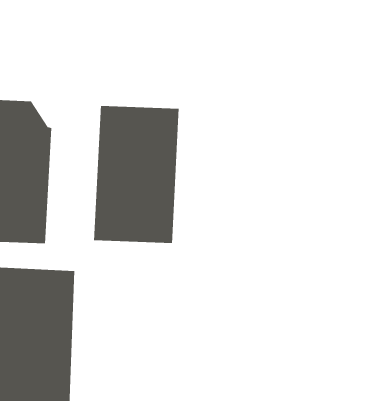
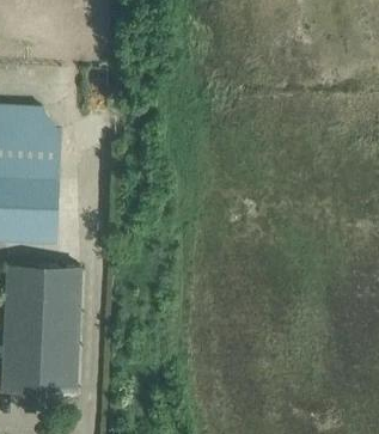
building: [94,105,179,244] -> none

